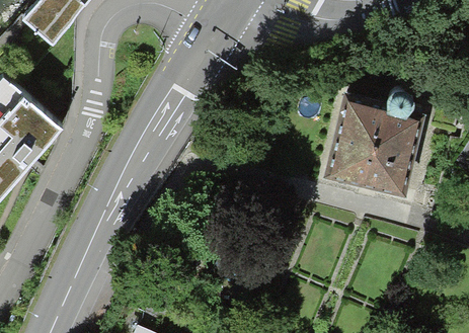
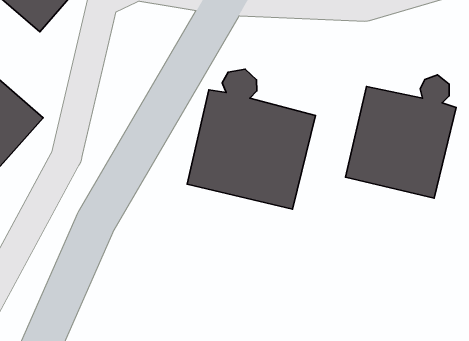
building: none -> [187,69,316,209]

